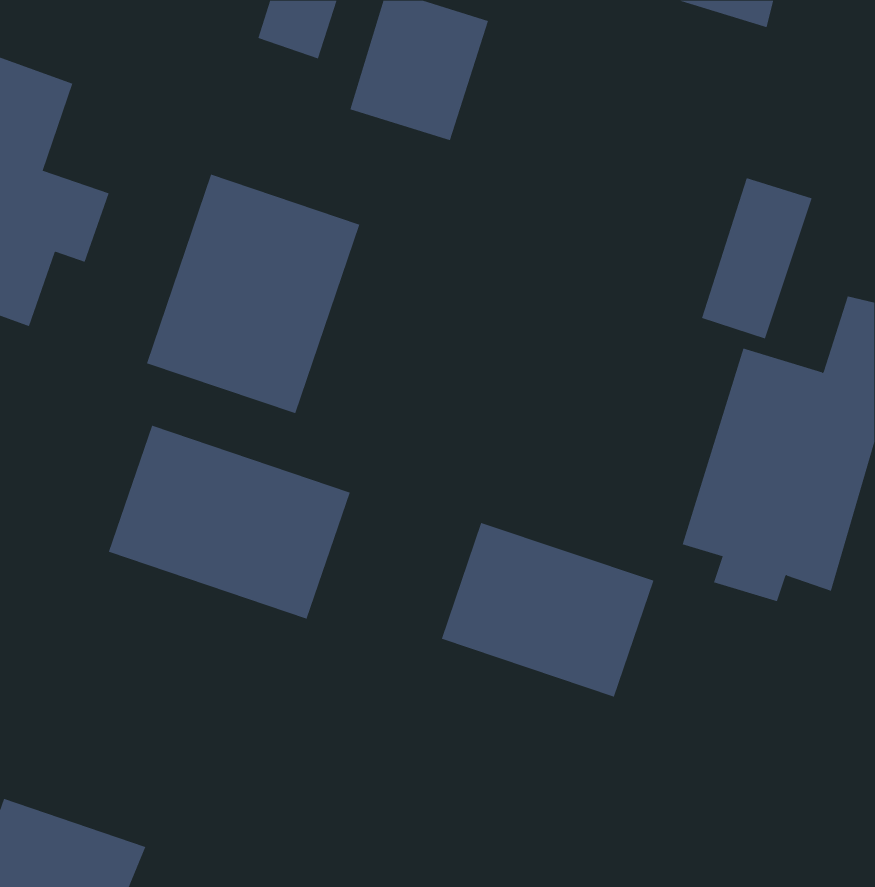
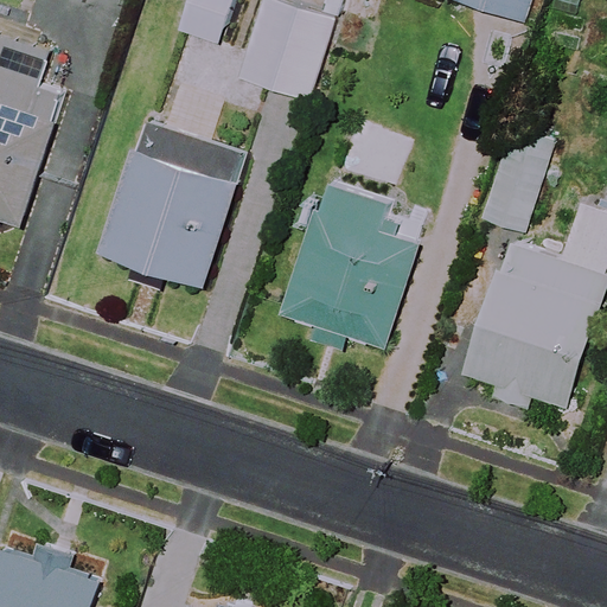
building: none -> [280,171,436,345]
building: [108,425,350,619] -> none
building: [441,522,654,697] -> none

